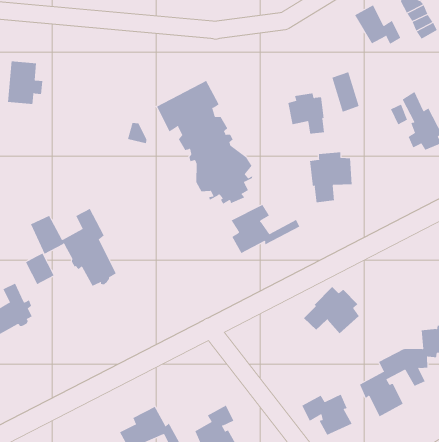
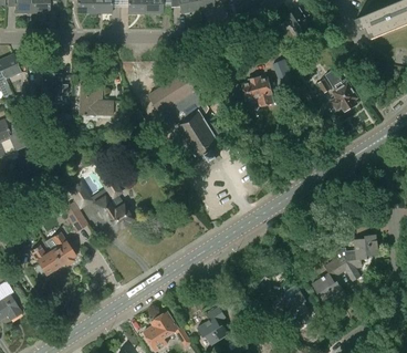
building: none -> [79,86,113,116]
building: [309,151,352,203] -> none
building: [231,204,300,254] -> none
building: [303,286,360,334] -> none

